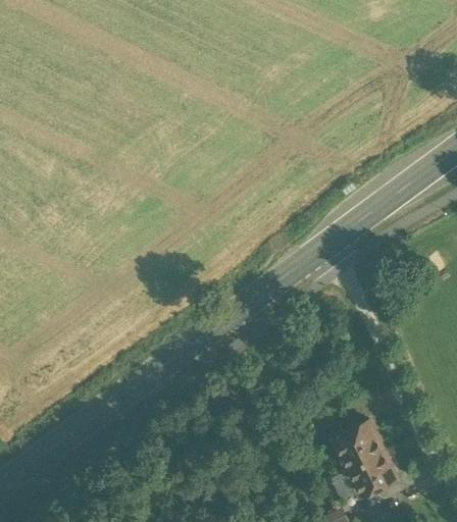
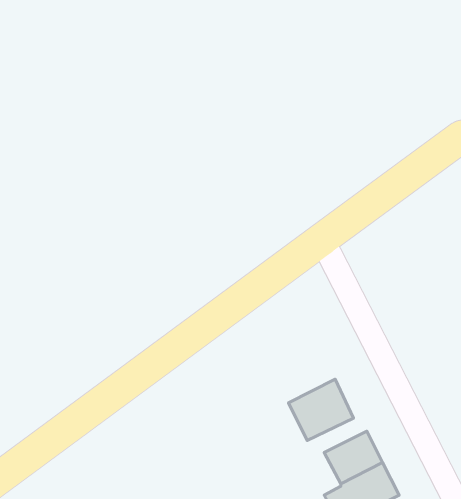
building: none -> [288,379,353,441]

